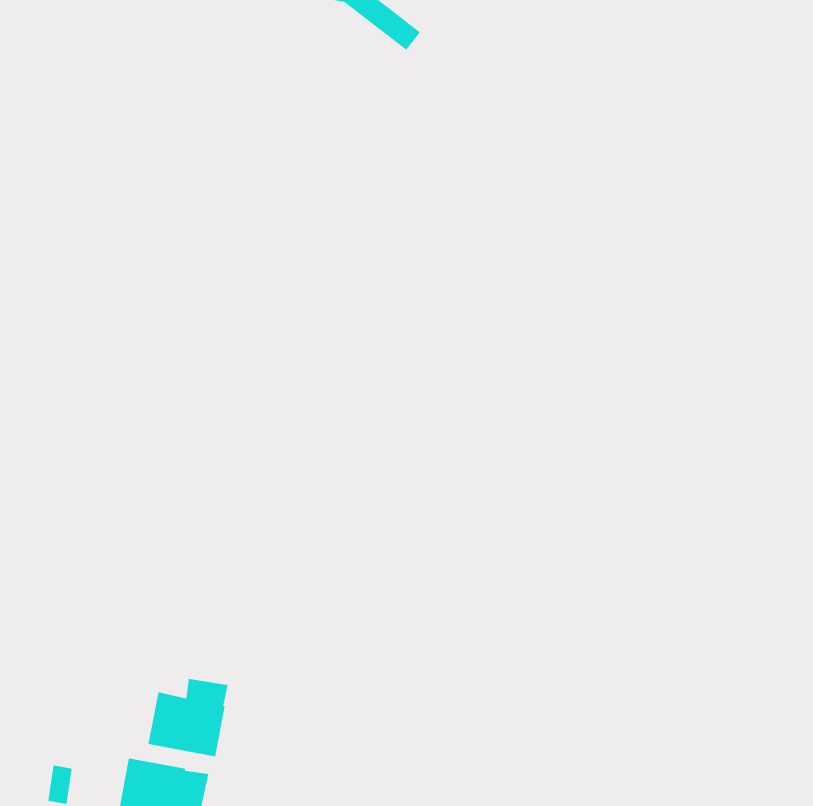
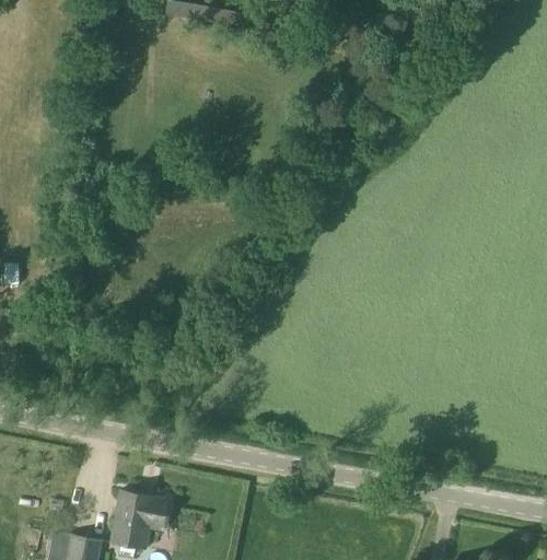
building: [148,678,228,757] -> none

